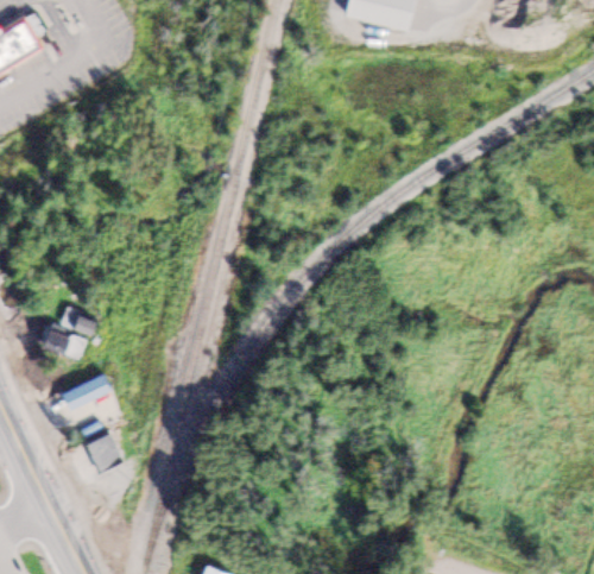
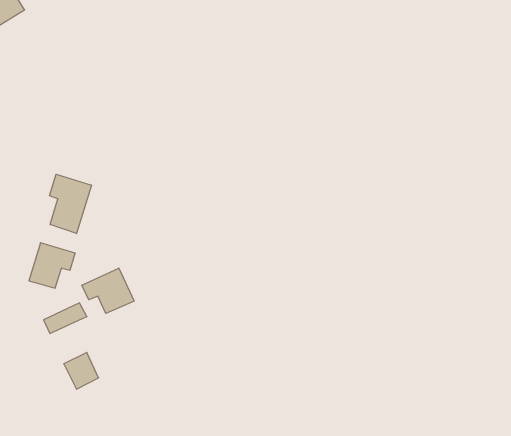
building: none -> [50,174,91,234]
building: none -> [82,268,134,313]

